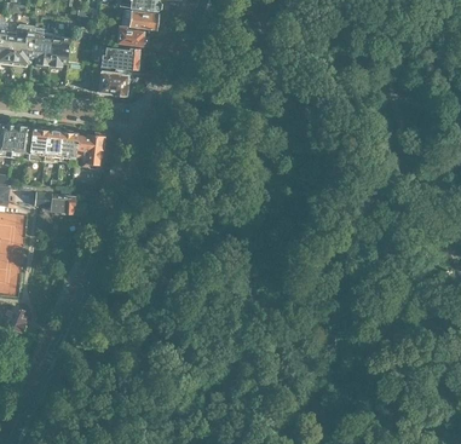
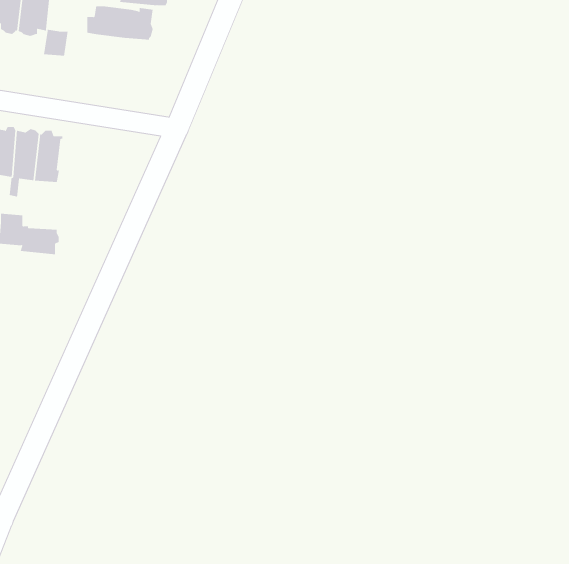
building: [92,69,131,97] -> none
building: [76,132,105,169] -> none

